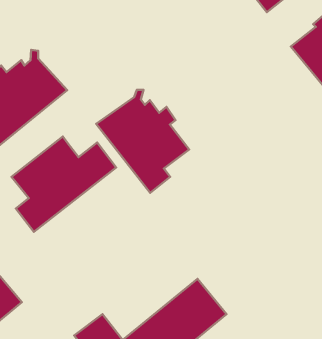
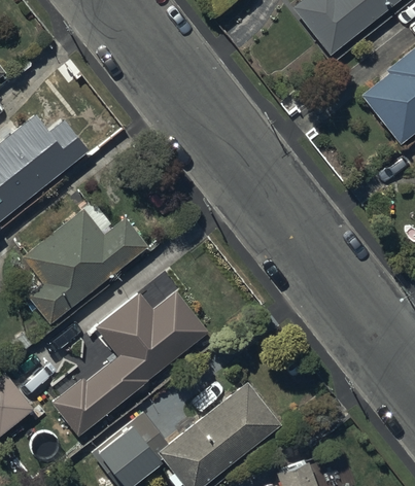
building: [96,90,189,193] -> none
building: none -> [50,290,209,435]

